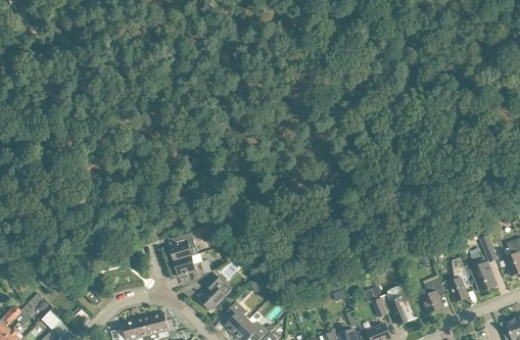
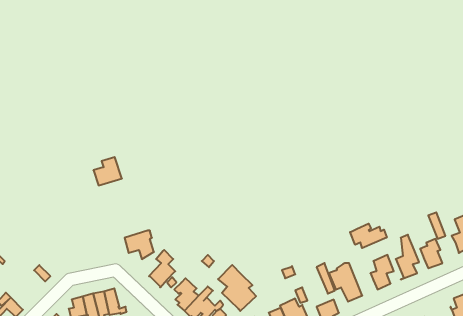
building: [169,232,197,260] -> [93,157,122,185]
building: none -> [350,224,387,248]
building: none -> [218,265,256,311]

